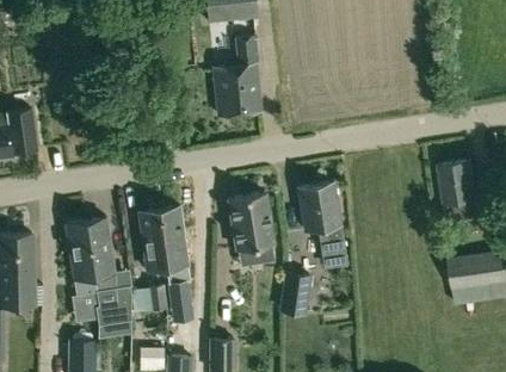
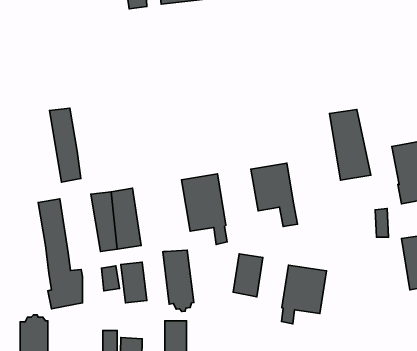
building: [212,37,263,117] -> none
building: none -> [329,110,371,180]
building: [66,223,97,297] -> [50,108,81,182]
building: none -> [163,250,194,312]
building: none -> [281,265,326,324]

